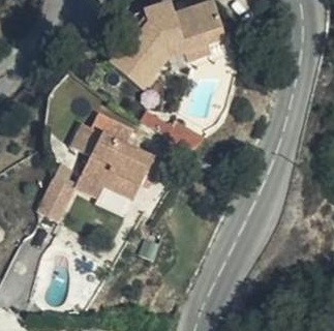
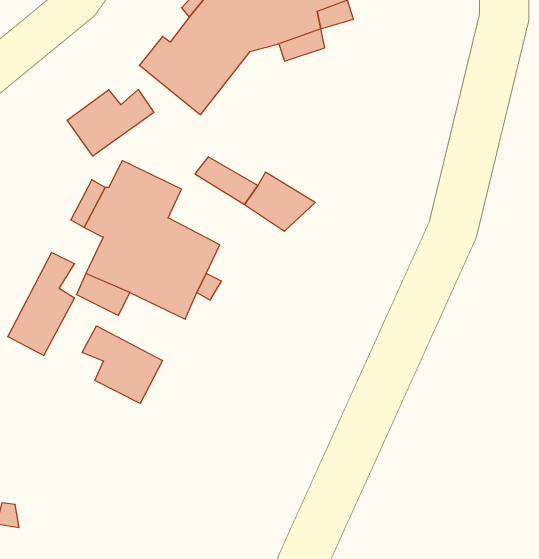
building: none -> [67,90,154,156]
building: none -> [82,326,163,403]

